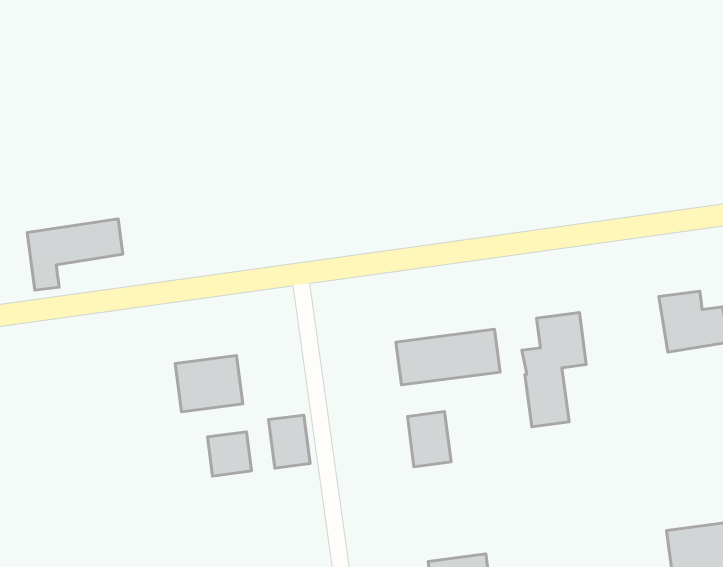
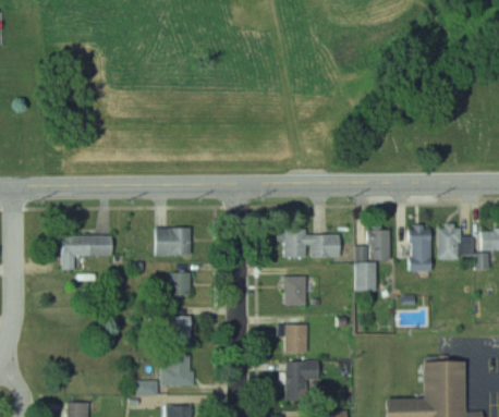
building: [27,219,123,290] -> [59,235,112,270]
building: none -> [407,226,431,271]
building: [268,415,310,468] -> [169,317,190,345]
building: none -> [277,324,306,354]

